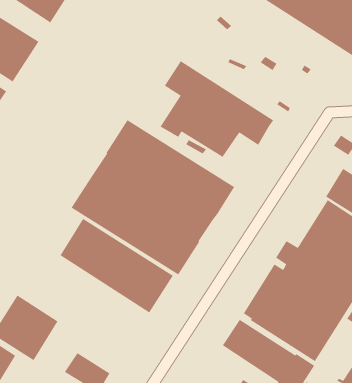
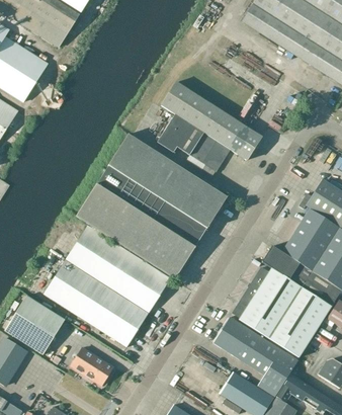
building: none -> [44,259,148,346]

